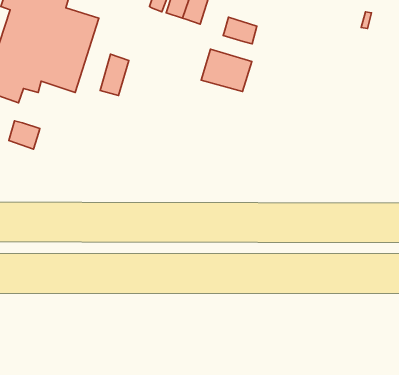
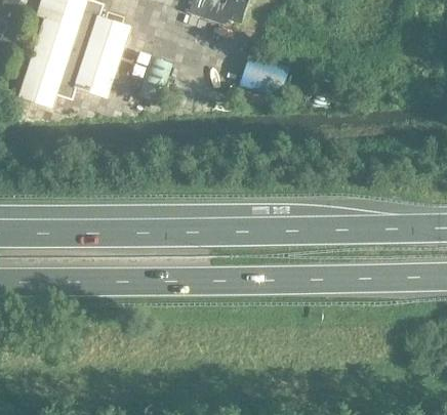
building: [223,17,257,44] -> none
building: [9,121,40,149] -> none

